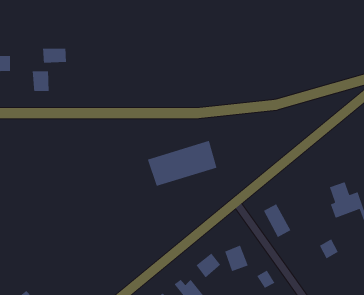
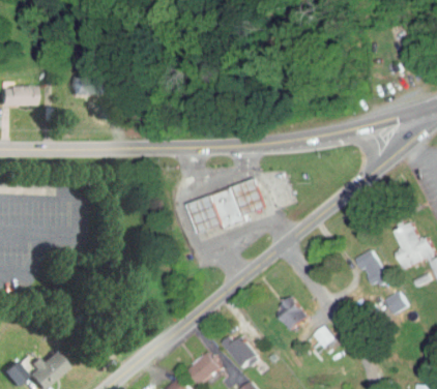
building: [32,70,50,92] -> none
building: [263,203,291,238] -> [355,249,387,289]
building: [195,252,221,278] -> none

